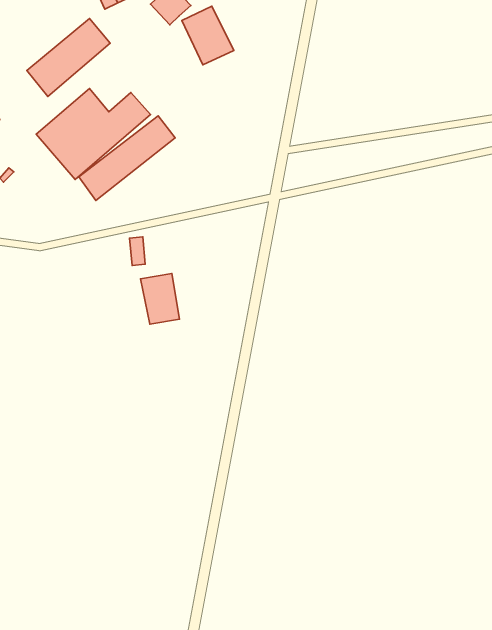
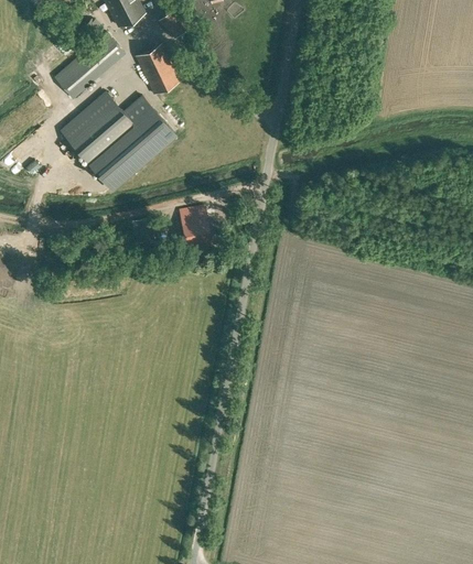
building: [182,6,234,65] -> [135,44,179,94]
building: [141,274,180,324] -> [178,206,211,249]

